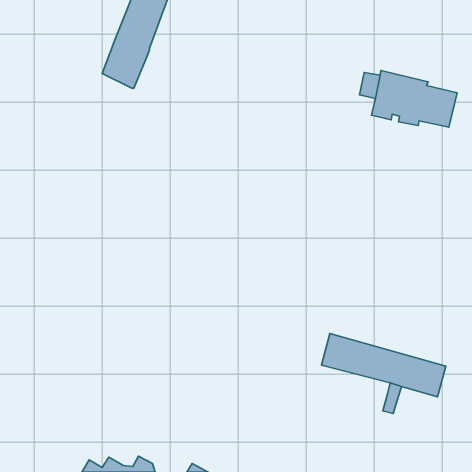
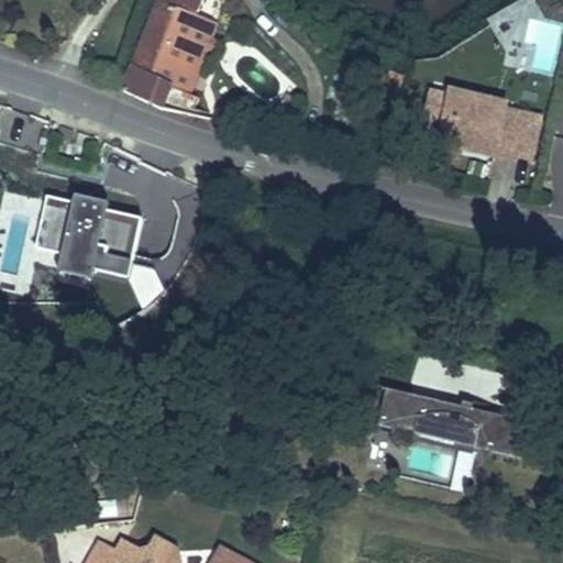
building: none -> [158,11,214,113]
building: none -> [32,195,144,285]

